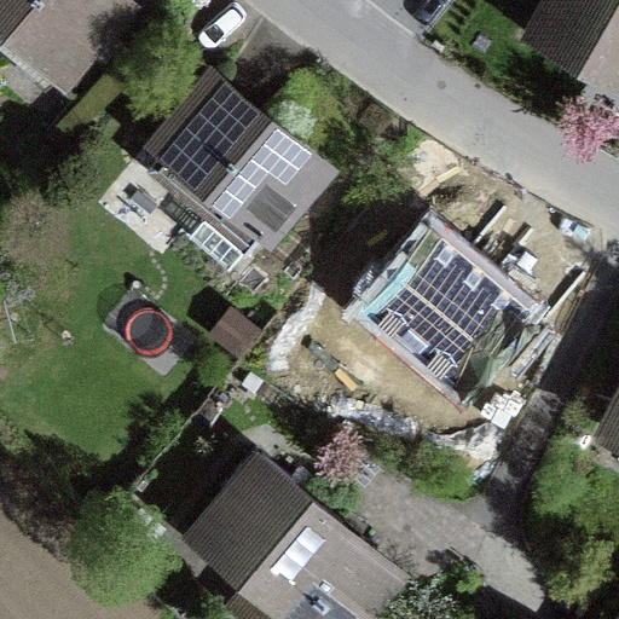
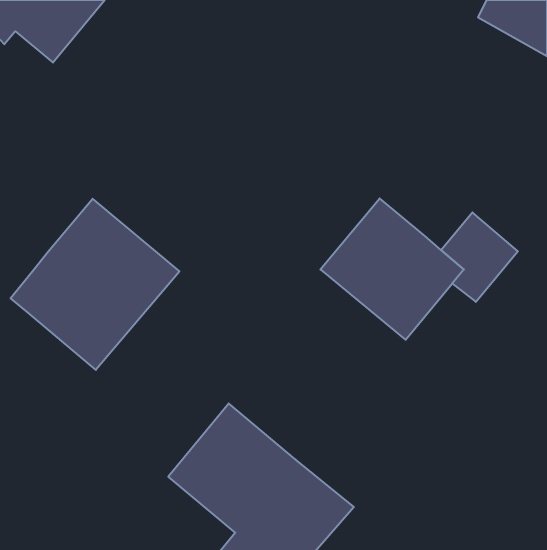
building: [145,76,316,266] -> none
building: none -> [11,199,179,370]

